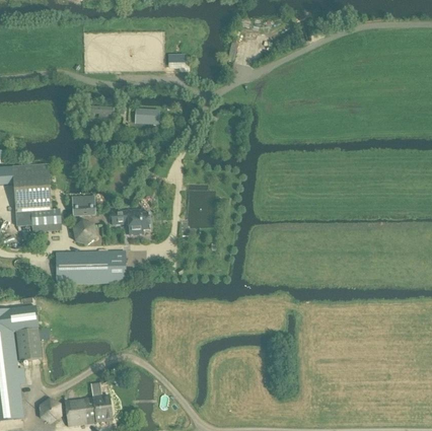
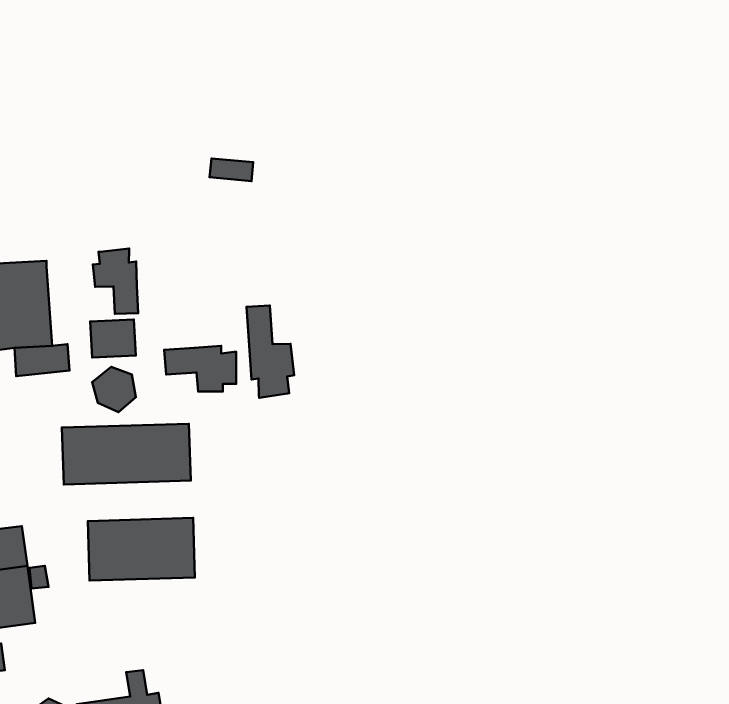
building: none -> [93,249,138,314]
building: none -> [247,305,294,398]
building: none -> [88,518,195,581]

